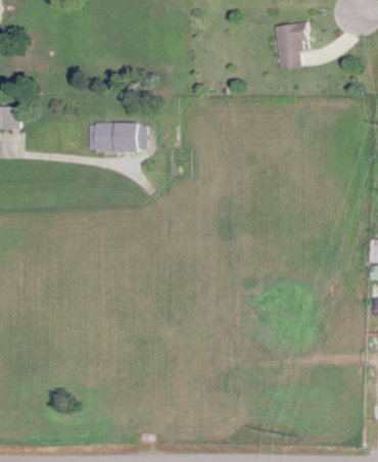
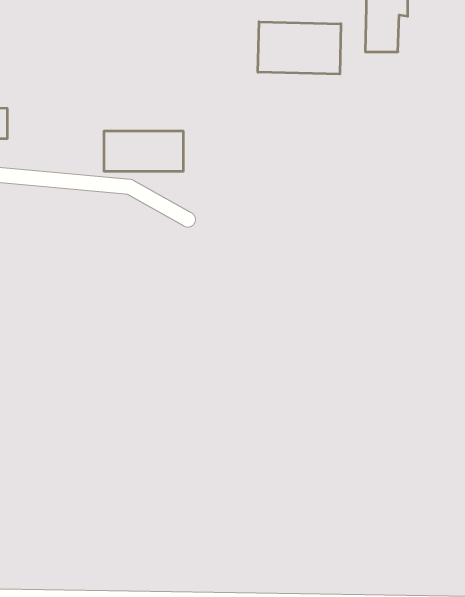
building: none -> [258,22,341,74]

